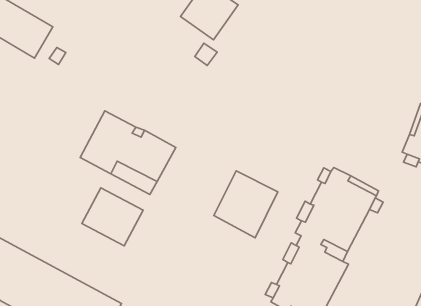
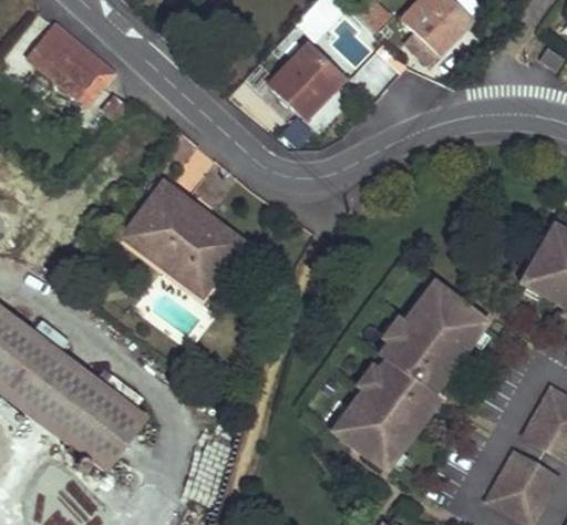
building: [214,171,278,238] -> none
building: [82,188,143,246] -> none

